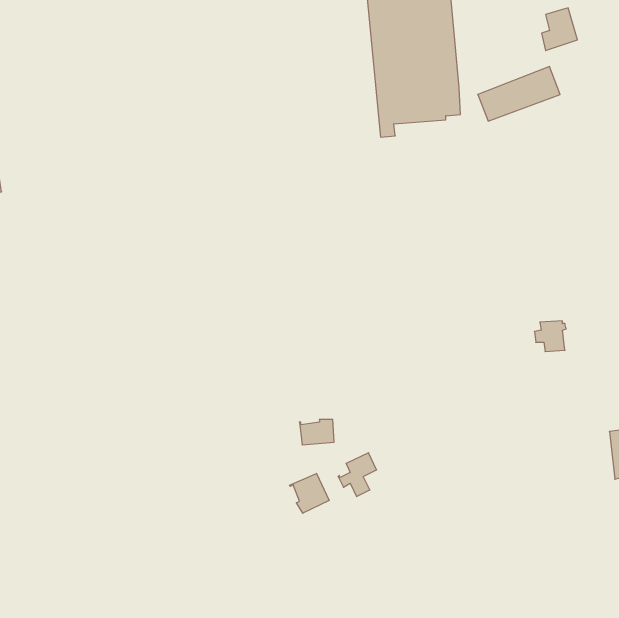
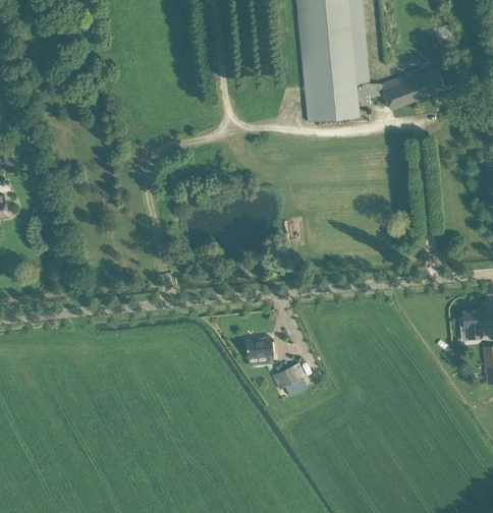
building: [534,321,566,352] -> [458,309,483,333]
building: [290,473,329,513] -> none

